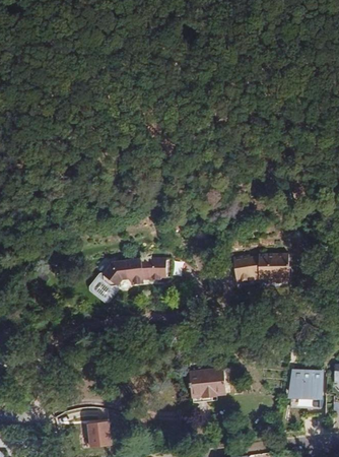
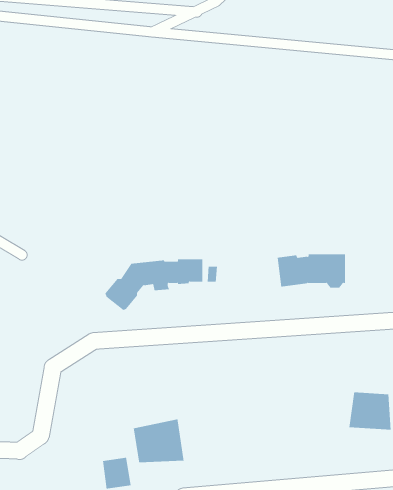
building: [188,361,225,397] -> none
building: none -> [133,418,184,463]

